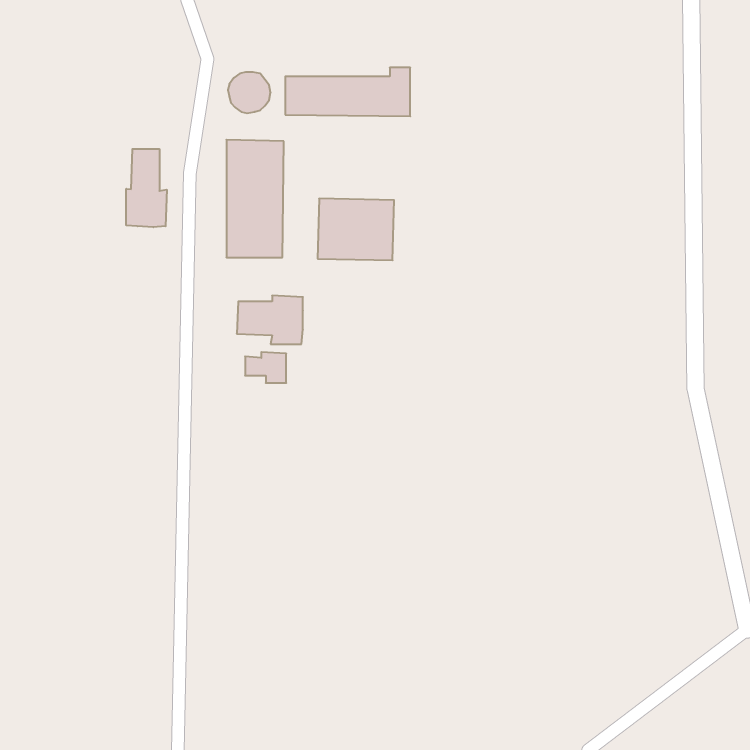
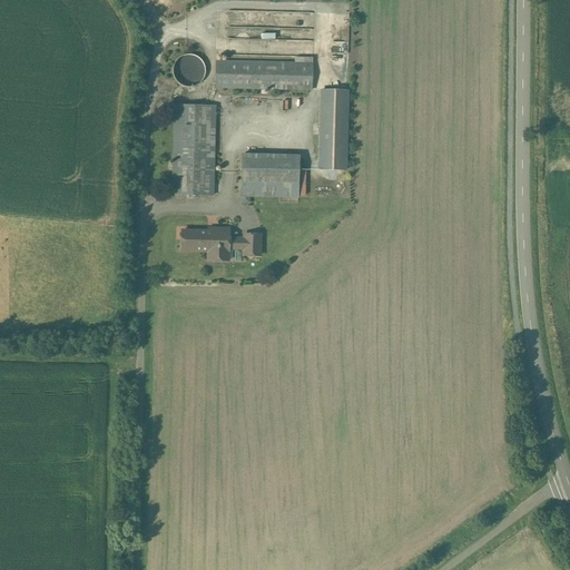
building: none -> [320,88,348,169]
building: [126,149,167,227] -> none
building: [245,352,286,383] -> [230,232,262,255]

